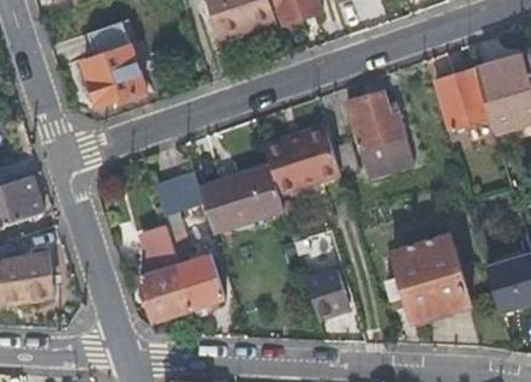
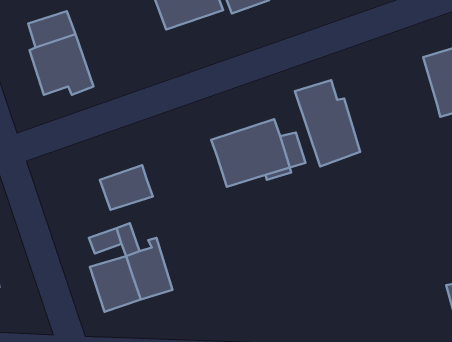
building: [432,67,488,126] -> none
building: [199,166,282,232] -> none
building: [387,237,466,323] -> none
building: [305,268,350,317] -> none

